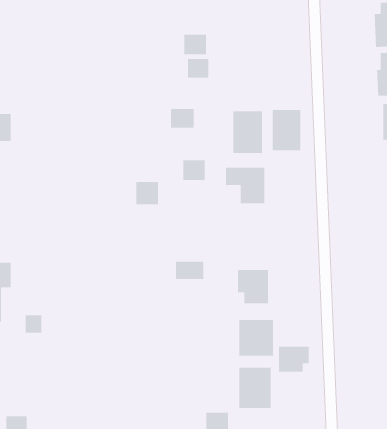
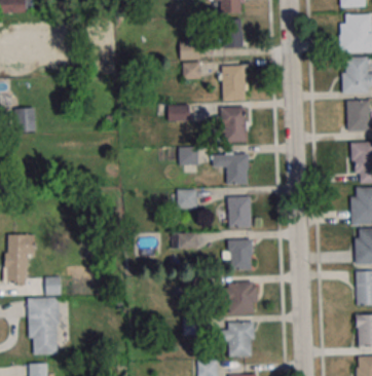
building: none -> [223,20,244,48]
building: [272,110,301,151] -> [222,65,247,100]
building: [136,182,159,205] -> [177,189,196,209]
building: none -> [228,196,251,226]
building: none -> [30,297,59,354]
building: [278,346,309,373] -> none

